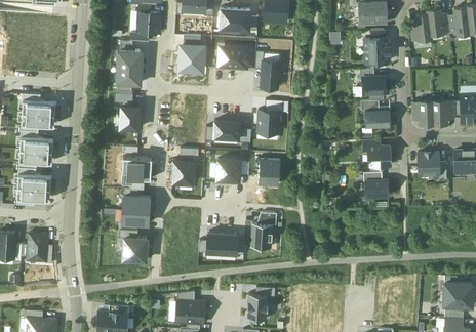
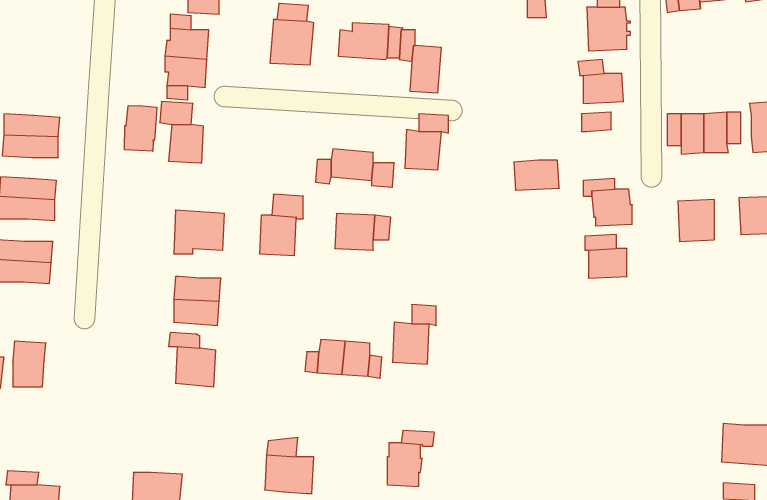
building: none -> [124,106,157,151]
building: [364,111,391,128] -> [514,160,559,190]
building: [259,160,279,186] -> none

